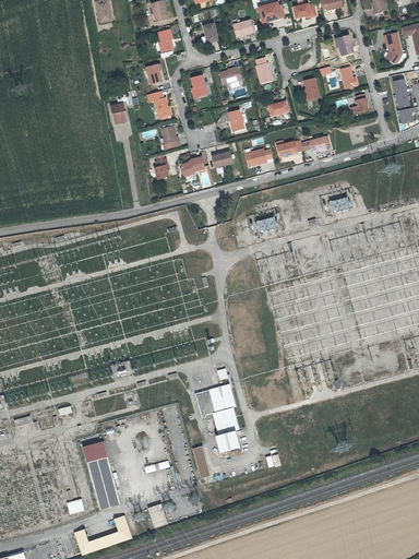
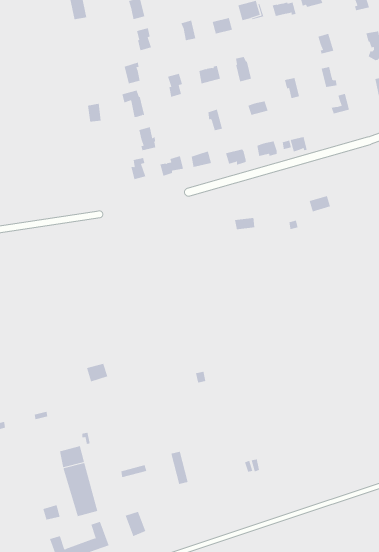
building: [195,383,240,453] -> none

